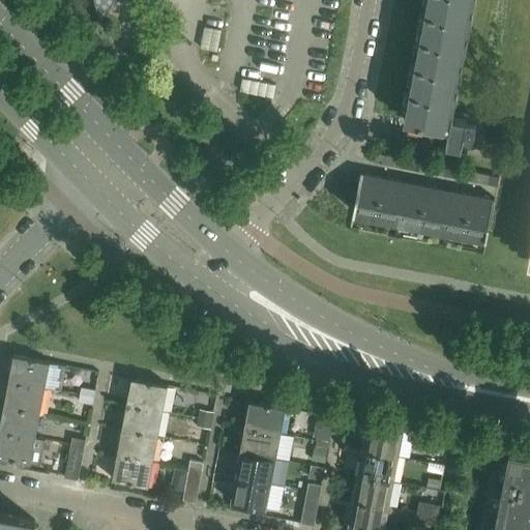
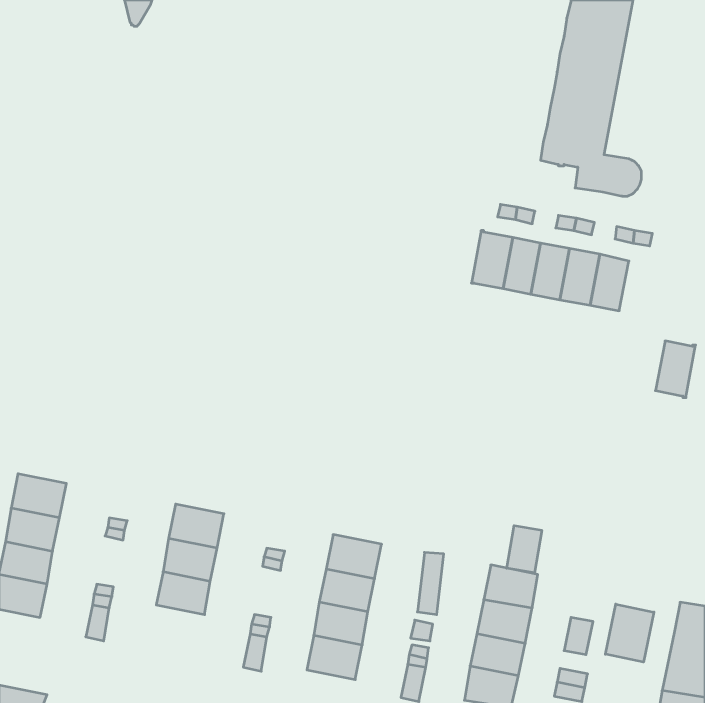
building: [464,198,494,240] -> [655,341,696,398]
building: none -> [507,526,542,573]
building: none -> [605,604,654,662]
building: [112,455,153,489] -> none

